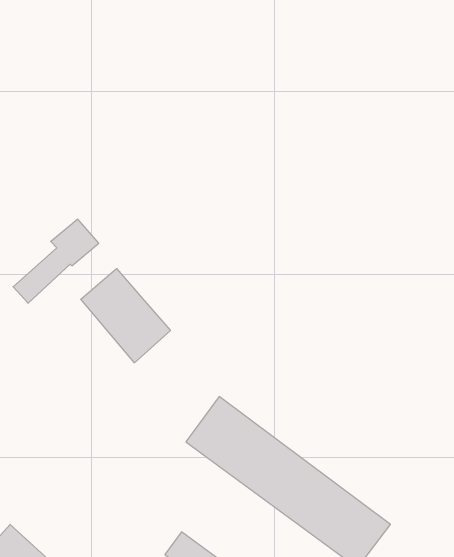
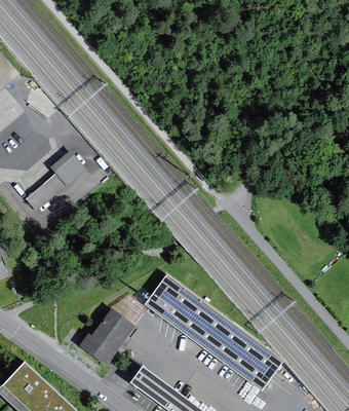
building: [81,269,170,363] -> none
building: none -> [81,300,139,362]

